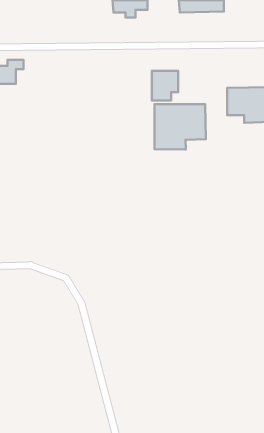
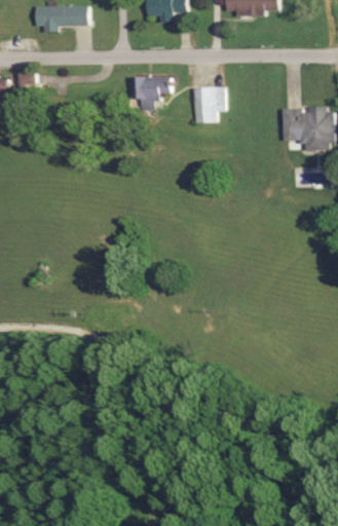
building: none -> [35,5,89,26]
building: none -> [129,77,170,100]
building: [154,104,206,150] -> none

